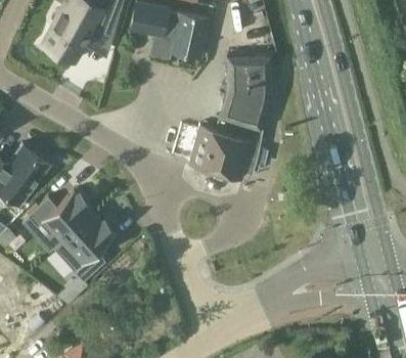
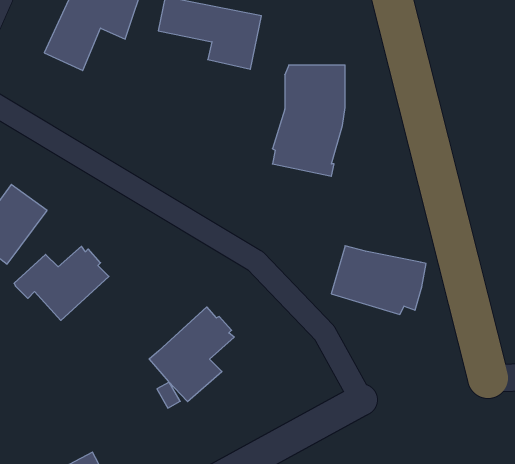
building: [188,127,259,178] -> [331,246,426,314]
building: [51,214,115,284] -> [149,307,234,402]

